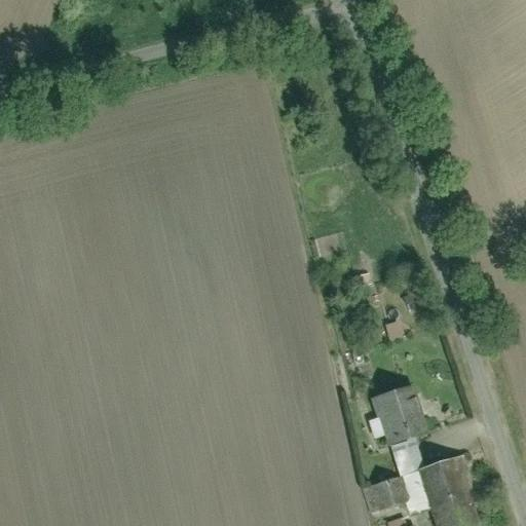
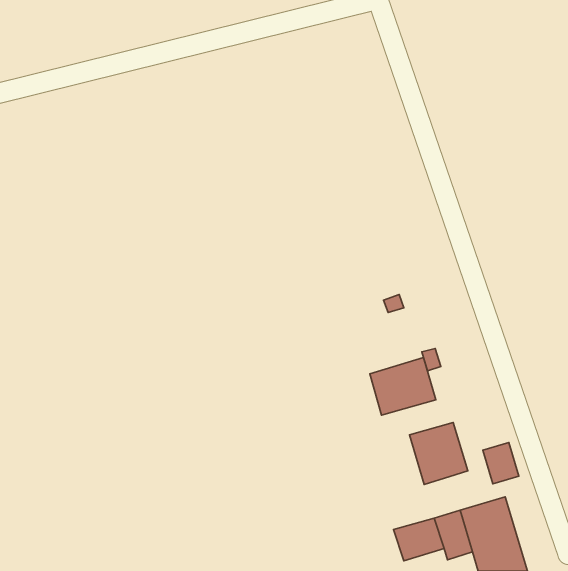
building: none -> [370,357,436,415]
building: [387,436,420,474] -> [483,442,519,484]

